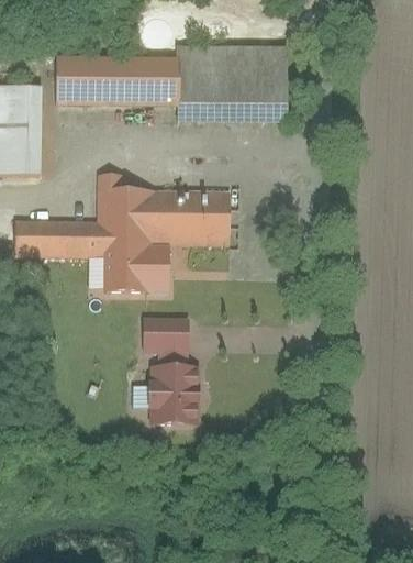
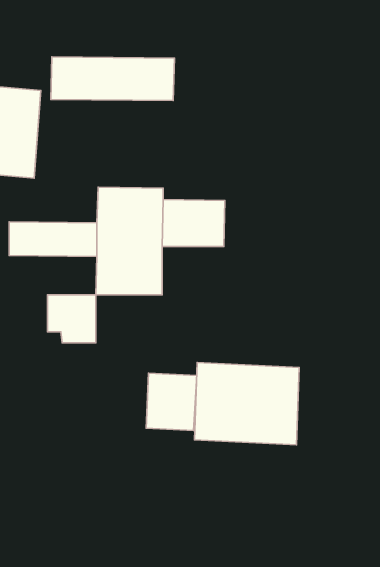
building: [178,49,282,120] -> none
building: [139,317,187,364] -> [47,295,96,343]
building: none -> [194,363,299,445]

